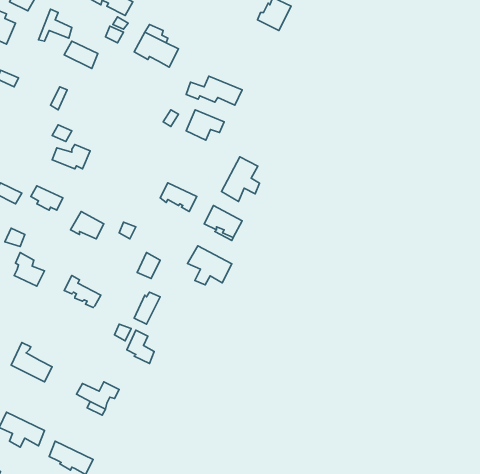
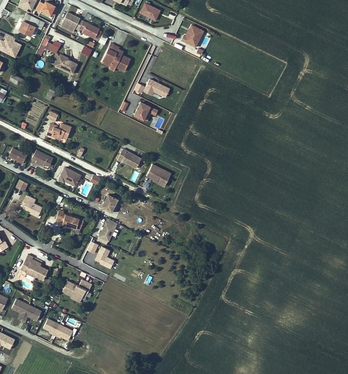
building: [222,157,260,201] -> none
building: [187,246,232,285] -> none

